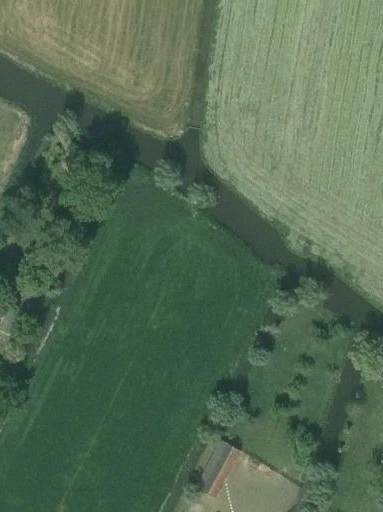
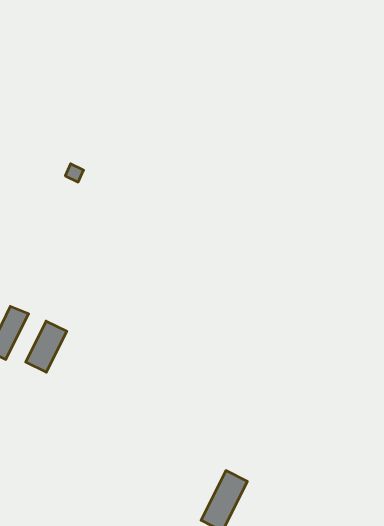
building: none -> [26,321,67,372]

